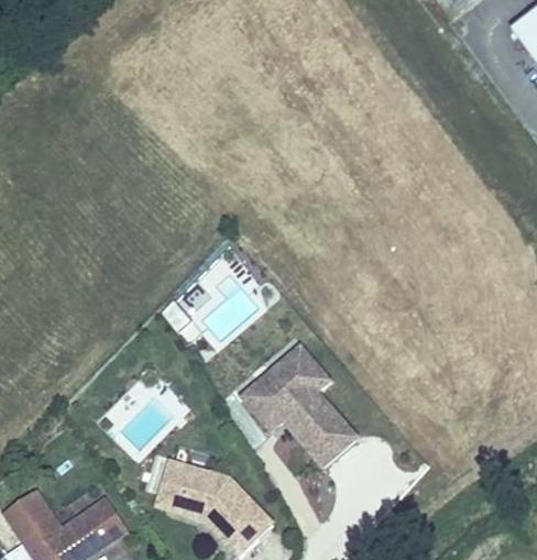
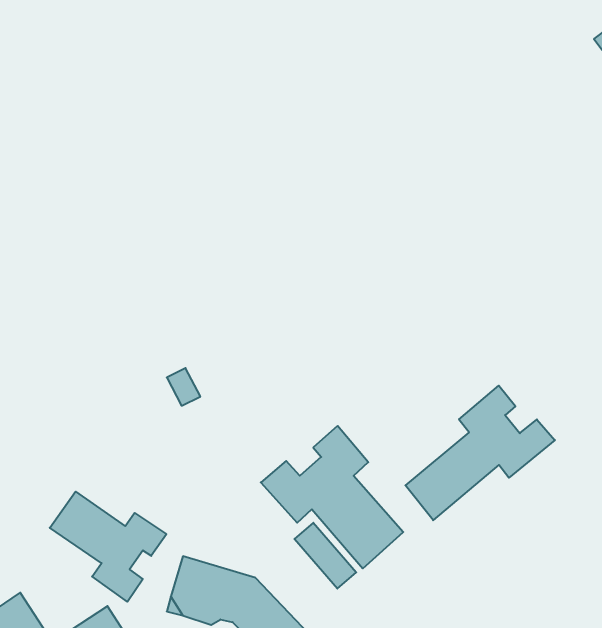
building: none -> [405,386,555,520]
building: none -> [50,492,166,602]

